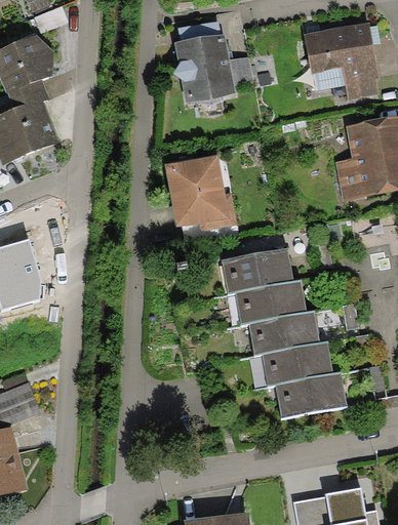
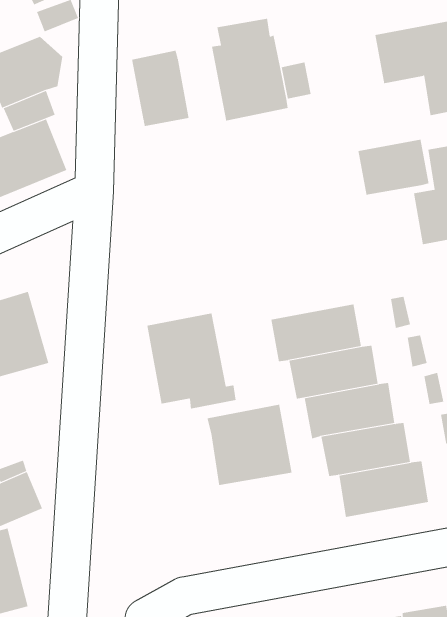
building: none -> [132,50,189,127]
building: none -> [358,139,429,196]
building: [165,155,237,232] -> [147,313,237,409]
building: none -> [207,404,292,486]

